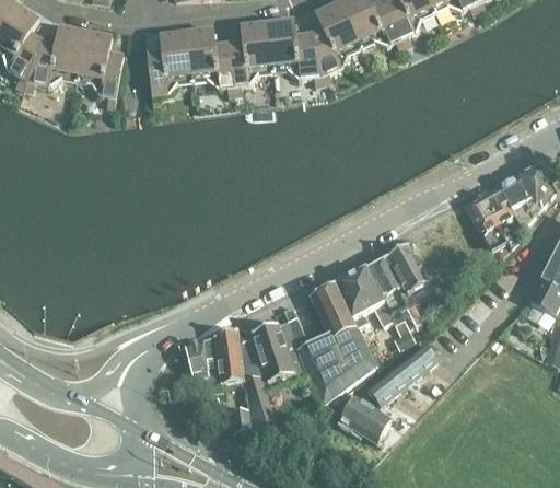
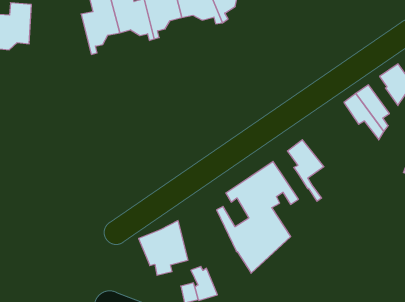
building: [77,30,124,104] -> none
building: [499,174,533,225] -> none
building: [366,254,410,333] -> none
building: [242,317,306,384] -> none
building: [337,339,438,440] -> none

